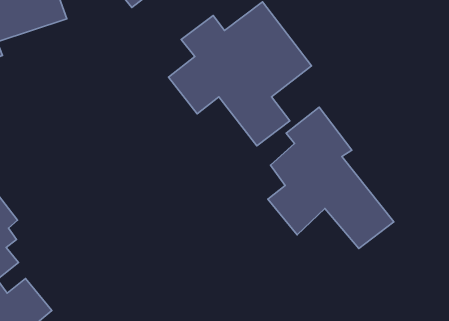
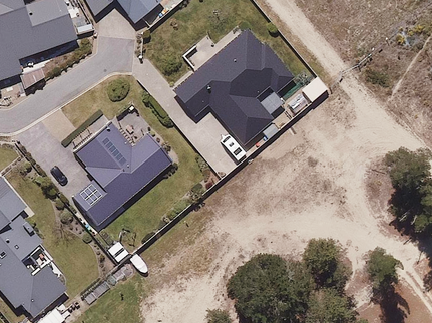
building: [268,107,394,249] -> none
building: none -> [72,126,174,227]

